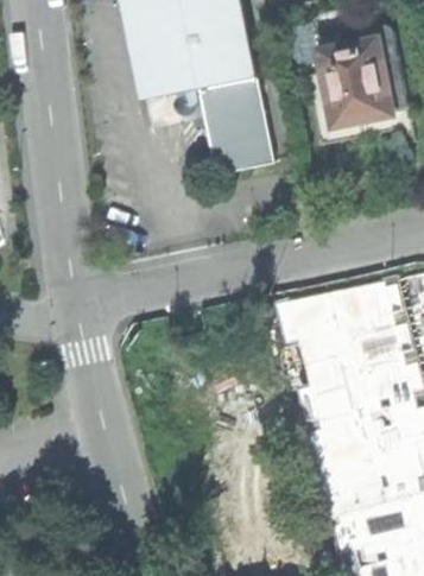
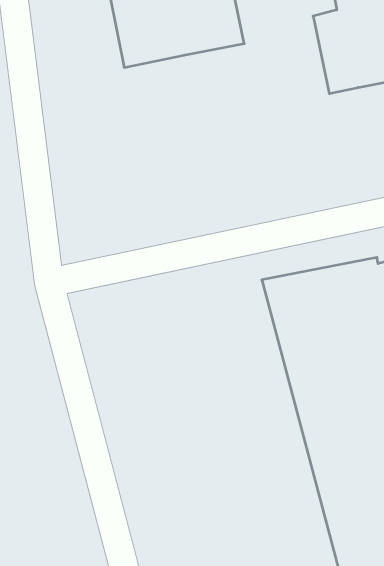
building: [201,77,274,173] -> none

